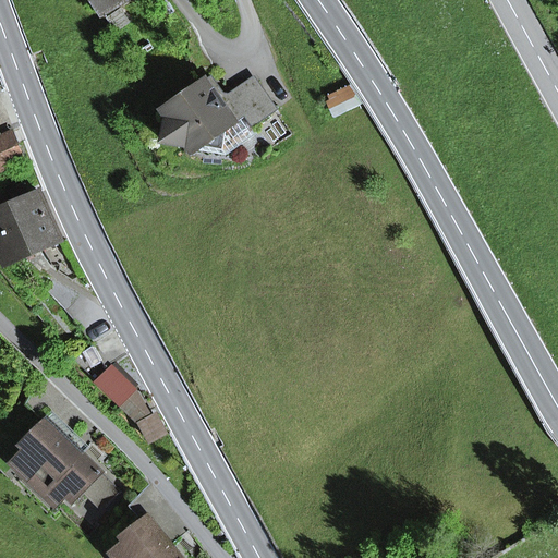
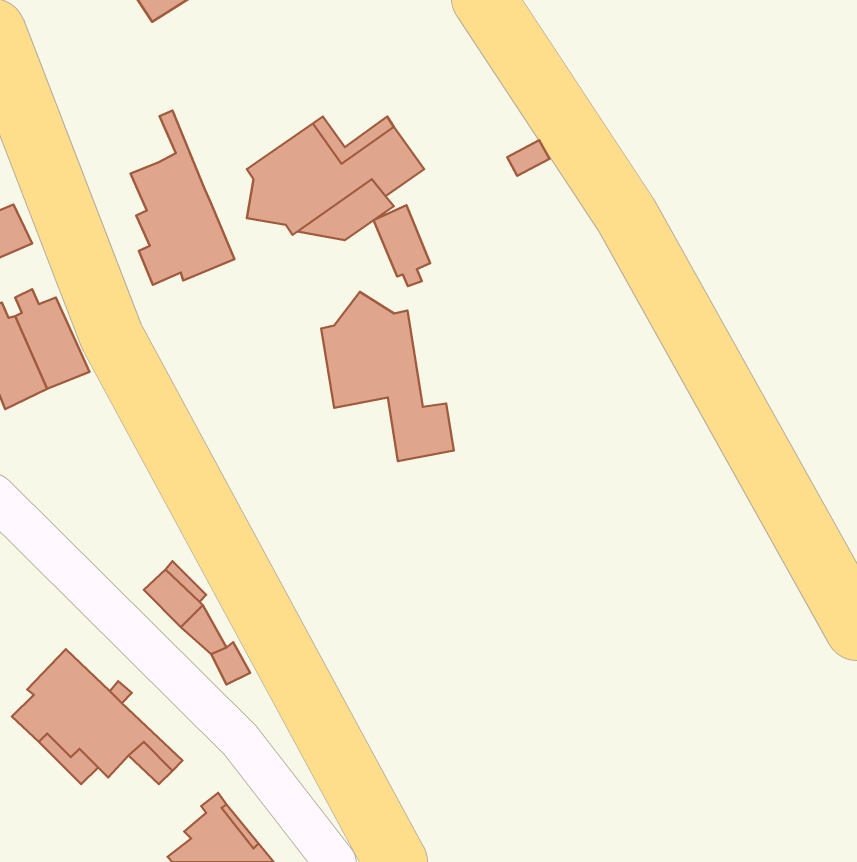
building: none -> [130,110,235,285]
building: none -> [374,205,430,286]
building: none -> [321,292,454,461]

